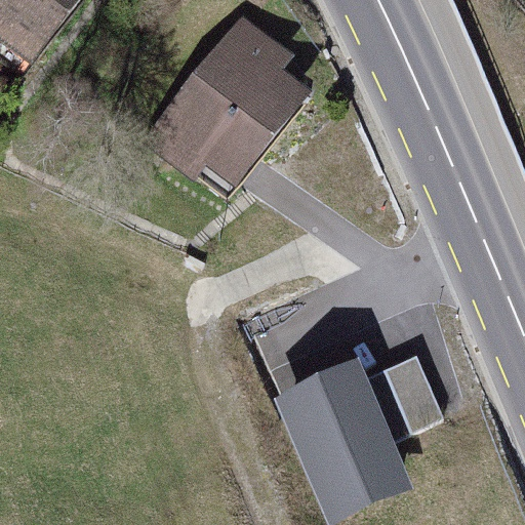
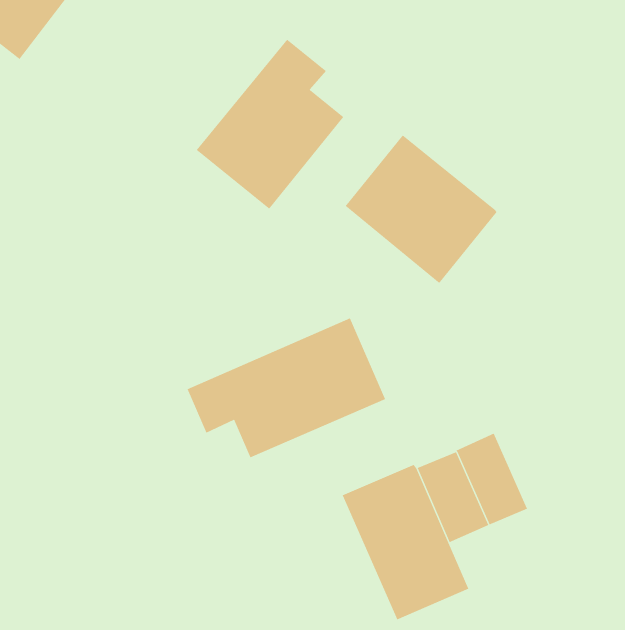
building: none -> [345,134,497,284]
building: none -> [187,317,386,458]

